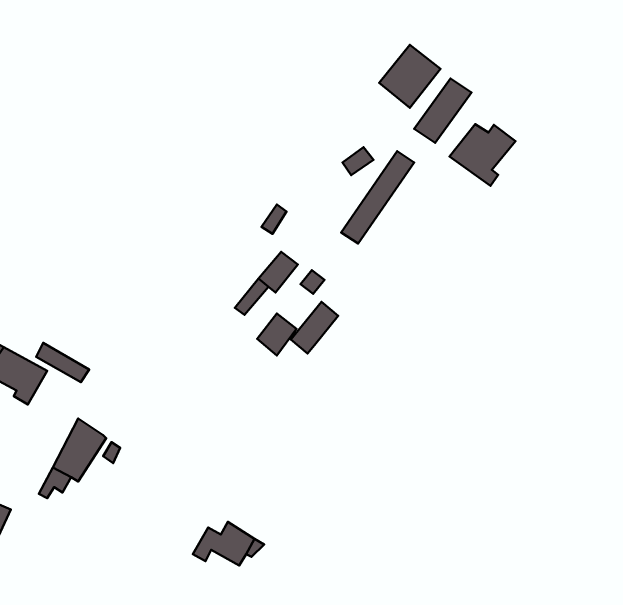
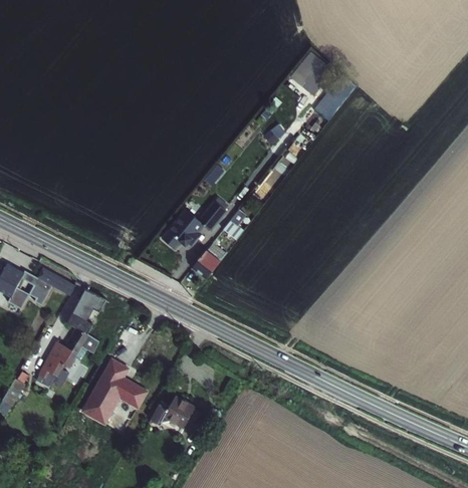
building: [450,124,515,186] -> none
building: [291,302,338,353] -> [164,210,198,247]
building: none -> [68,283,99,332]
building: none -> [80,360,148,428]

